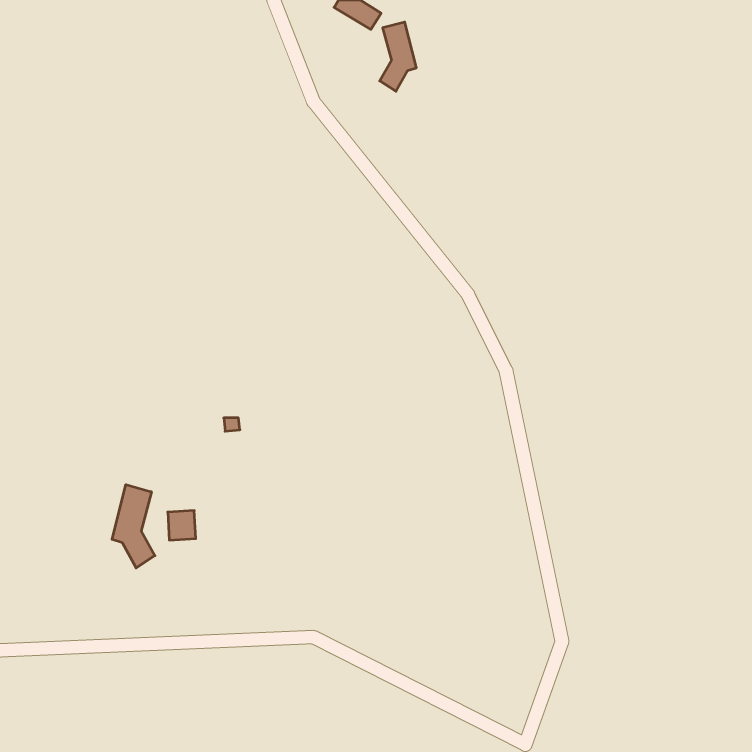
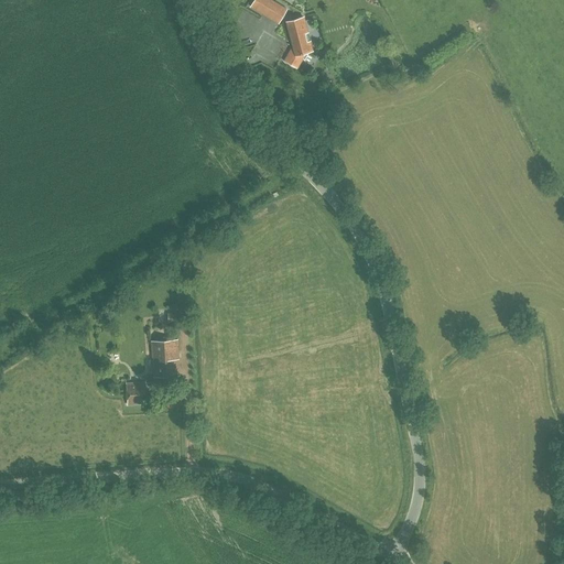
building: none -> [151,339,177,377]
building: [112,485,155,568] -> none

